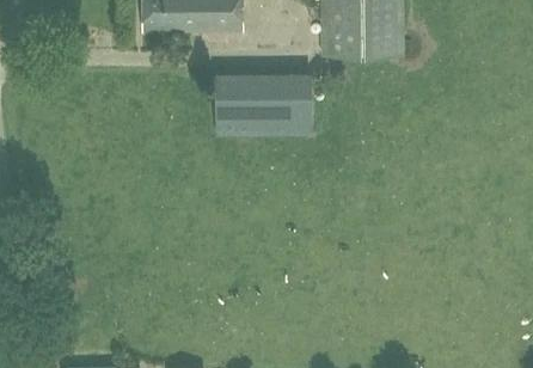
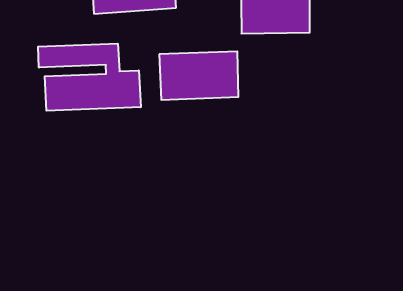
building: none -> [38,44,141,111]

